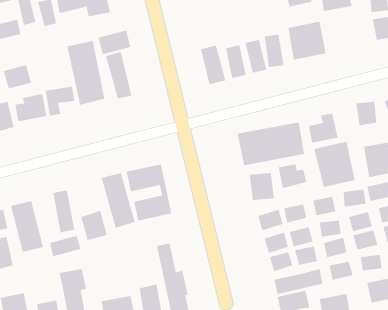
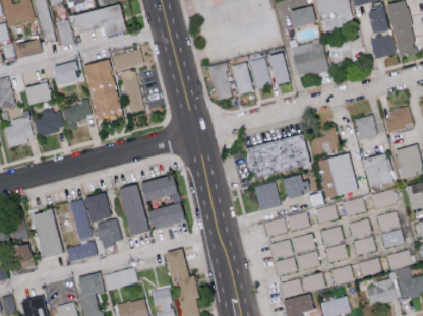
building: none -> [51,60,77,83]
building: none -> [83,191,110,220]
building: none -> [105,268,138,288]

